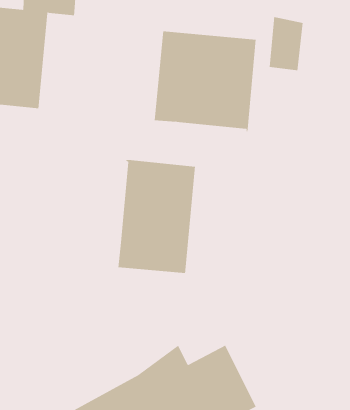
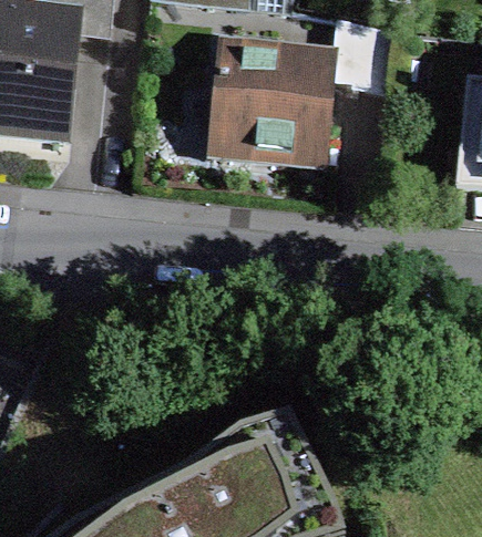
building: [118,159,196,274] -> none

